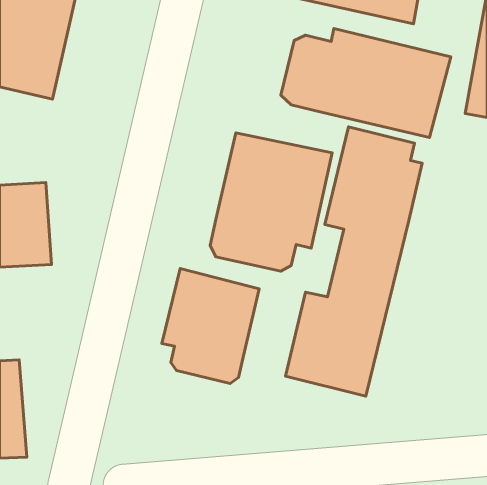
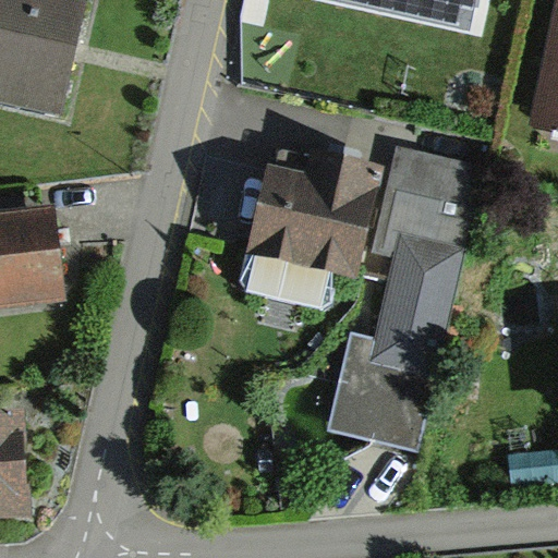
building: [281,28,451,138] -> none
building: [162,269,259,383] -> none

